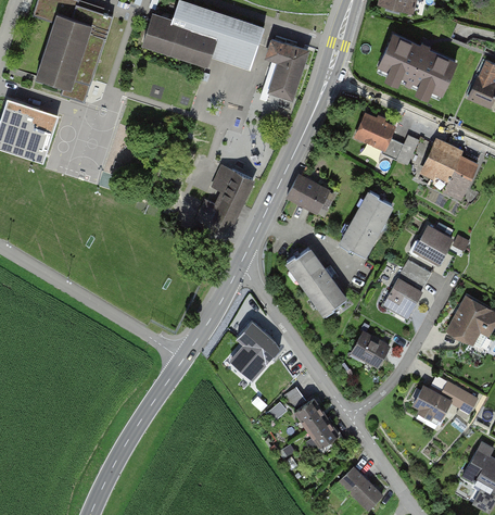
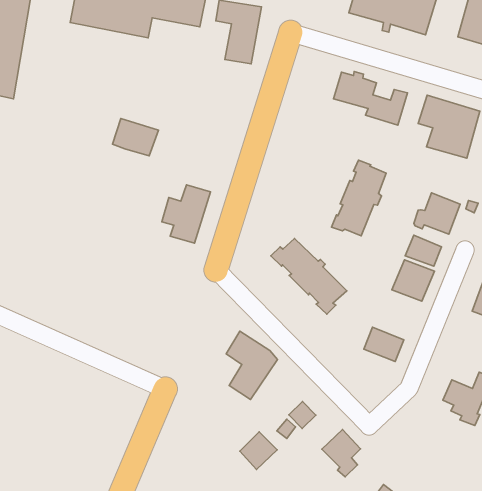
building: [213,165,253,200] -> [113,119,158,156]
building: [285,175,334,217] -> none
building: [294,398,326,429] -> [240,432,277,470]

